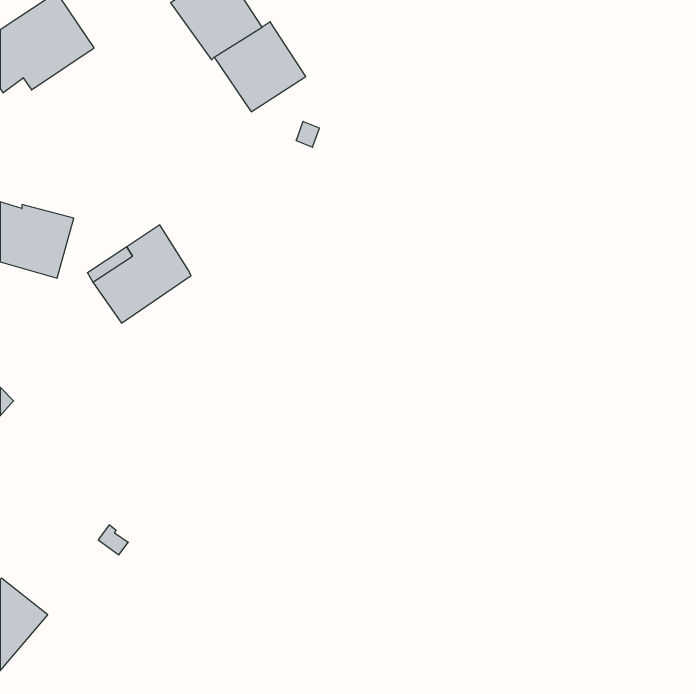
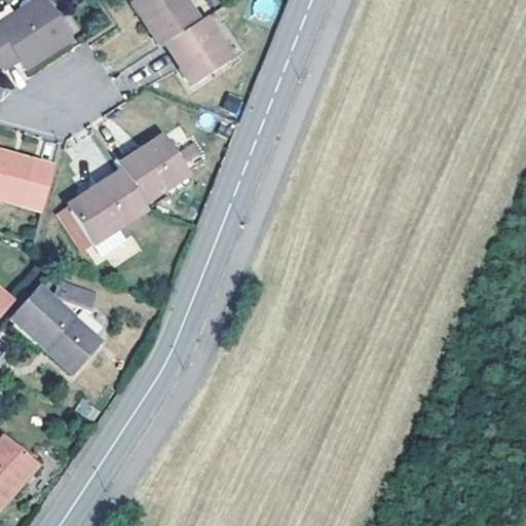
building: none -> [117,134,189,203]
building: none -> [10,283,101,373]

